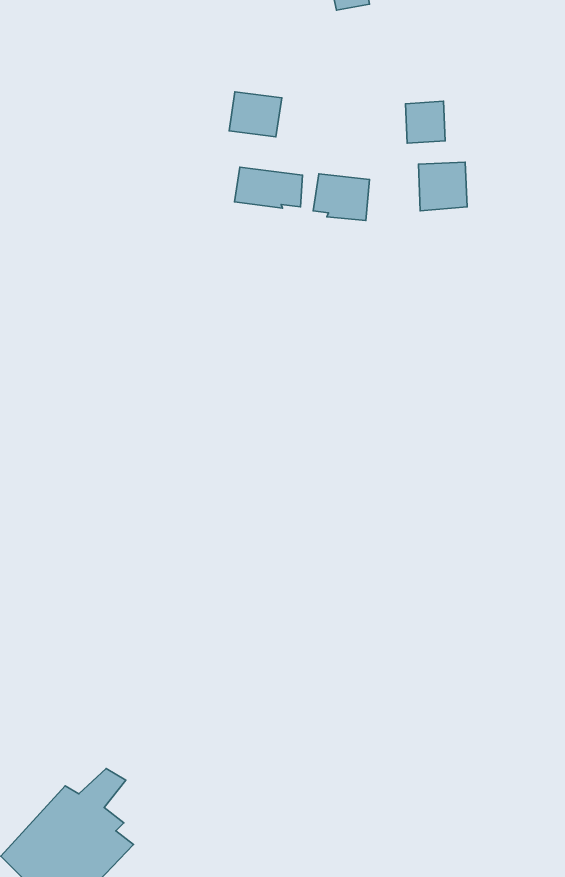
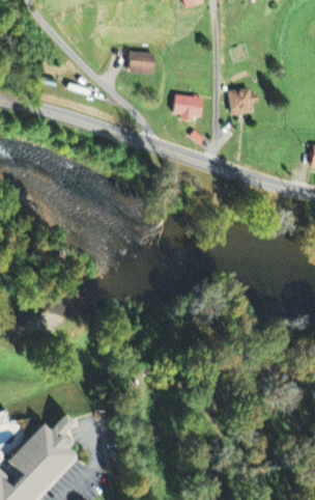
building: [406,101,445,143] -> none
building: [235,167,303,208] -> none

